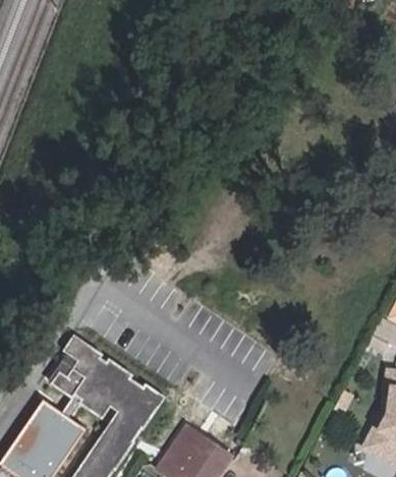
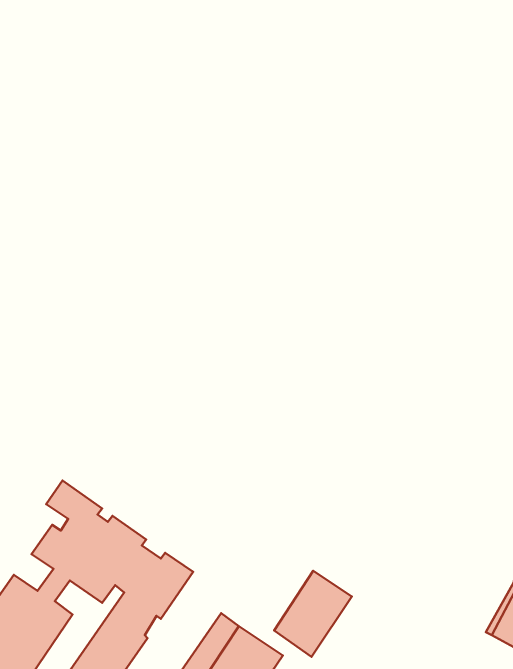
building: none -> [274,571,352,657]

